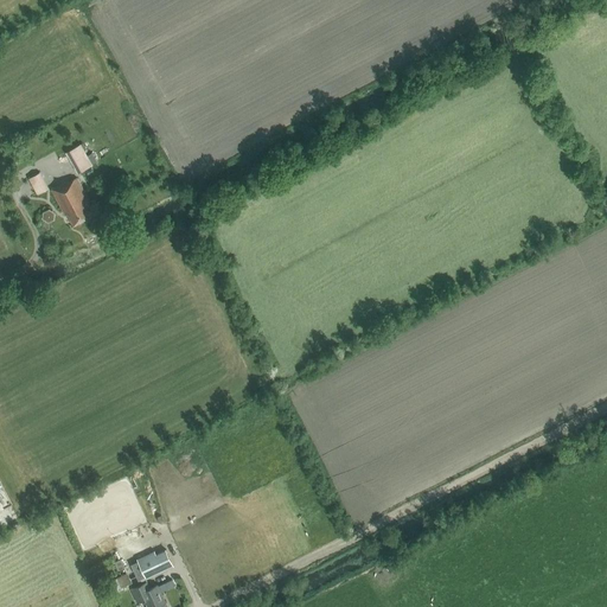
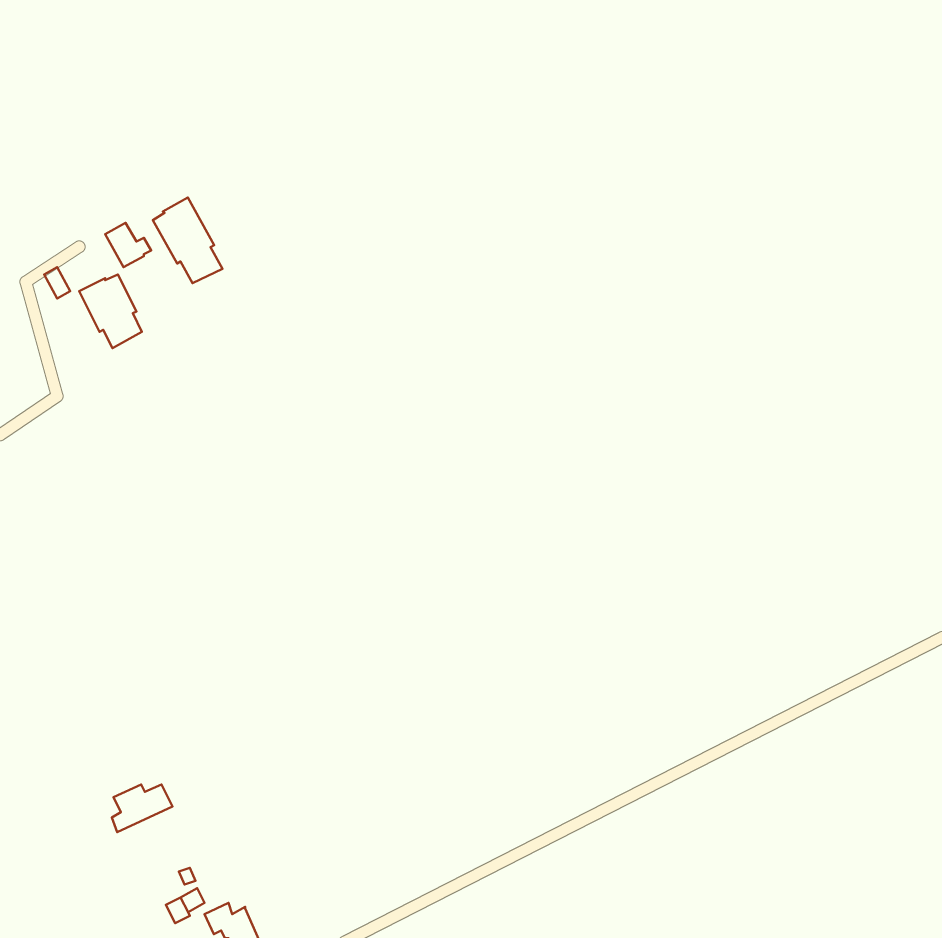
building: none -> [153,198,223,283]
building: [134,551,173,582] -> [112,784,173,832]

